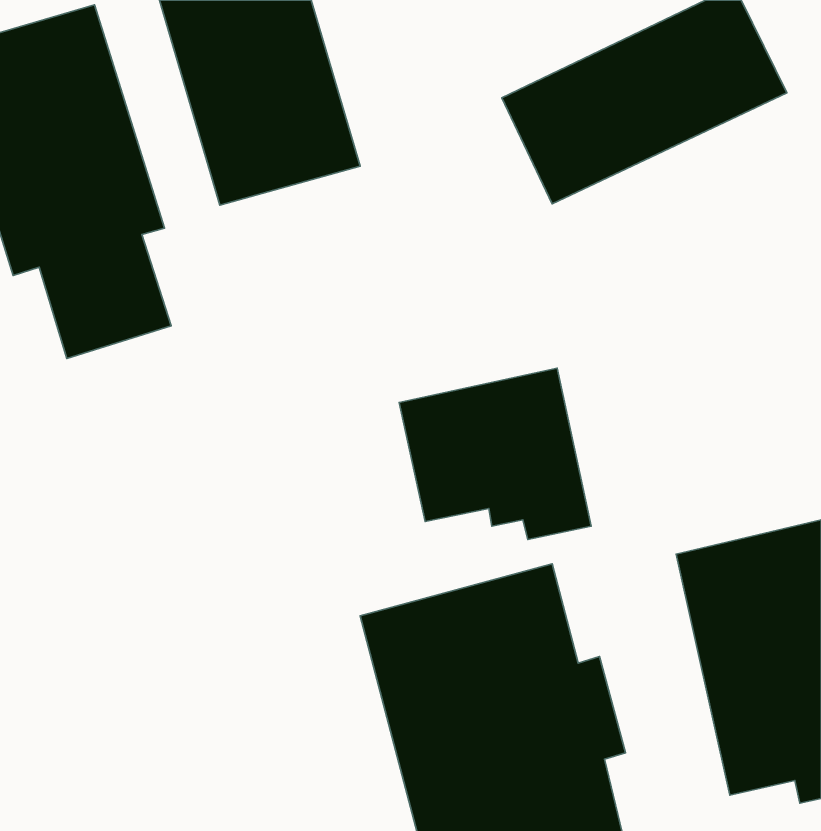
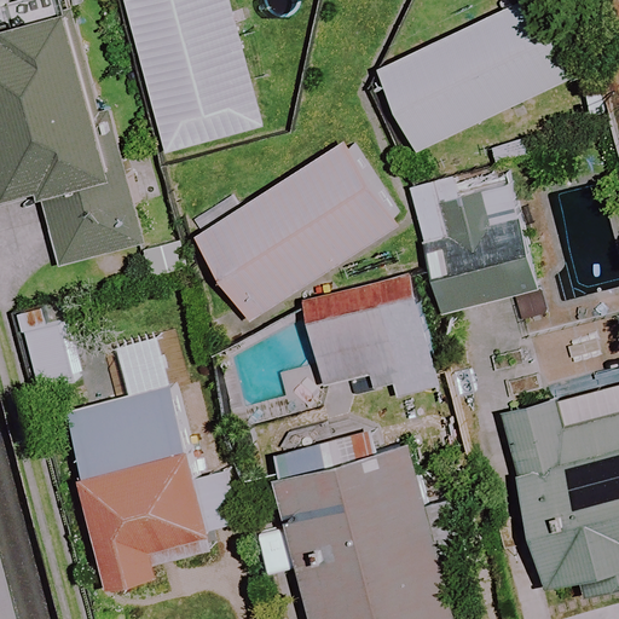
building: none -> [193,139,399,324]
building: none -> [405,167,530,316]
building: none -> [68,386,212,586]

